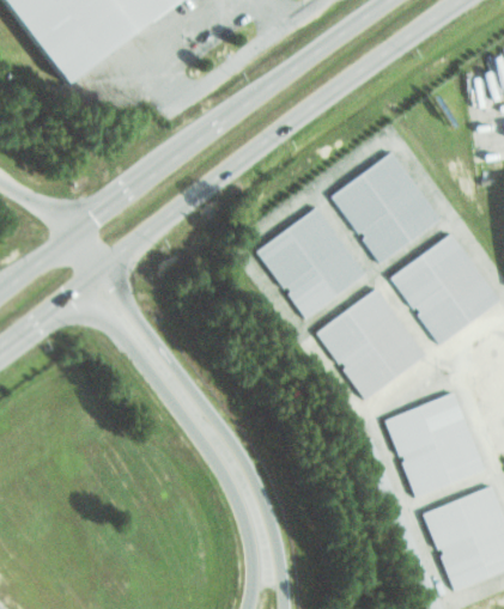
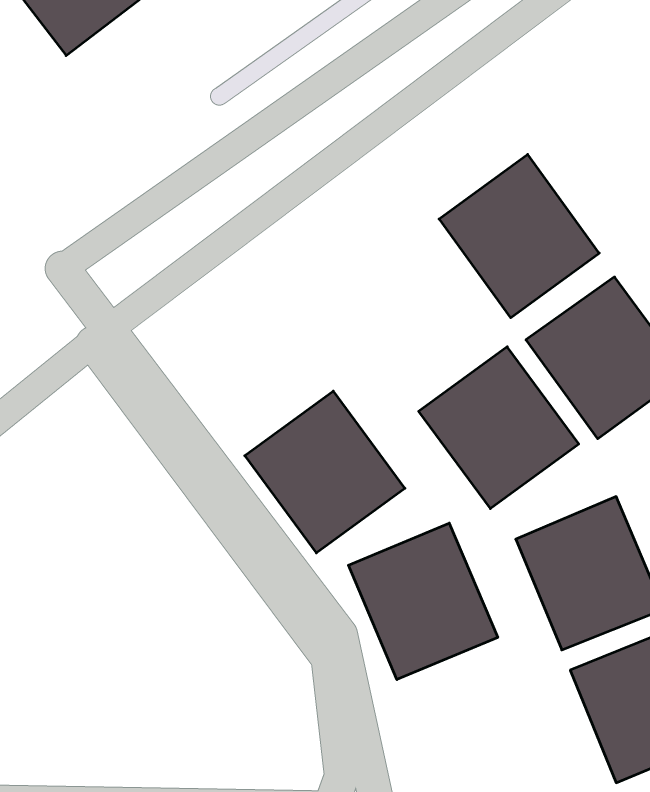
building: [253,203,365,317] -> [245,391,405,553]
building: none -> [348,523,498,680]

